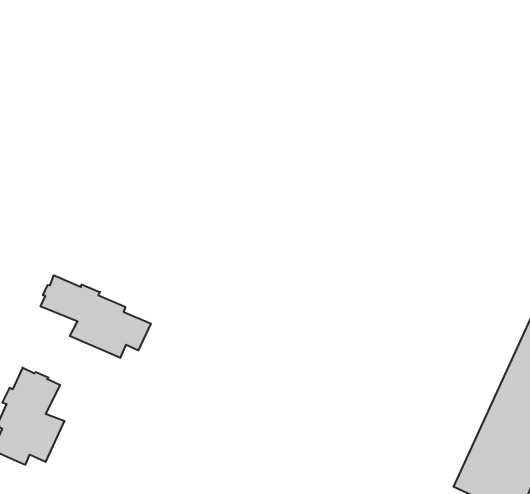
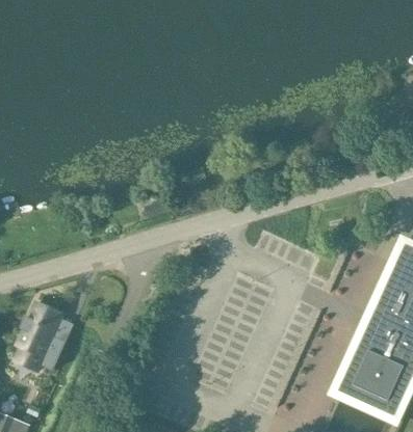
building: [41,275,151,358] -> none

